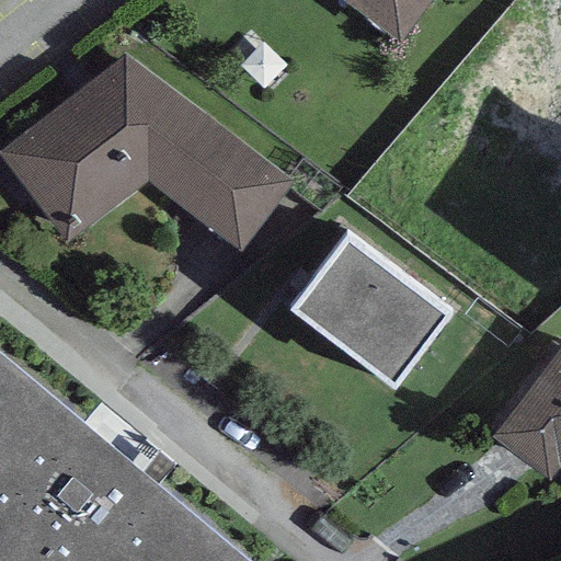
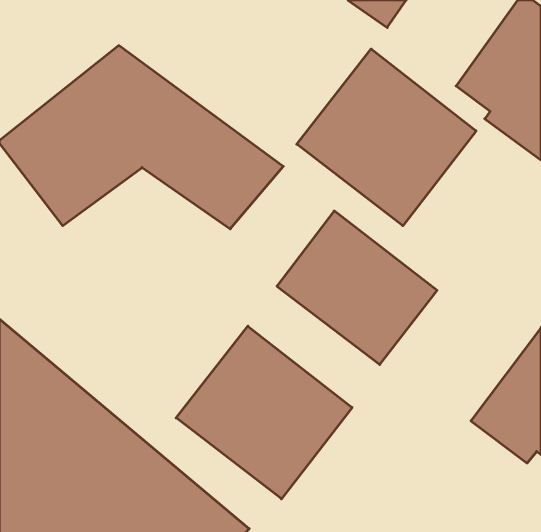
building: none -> [297,49,476,226]
building: none -> [176,326,352,499]

